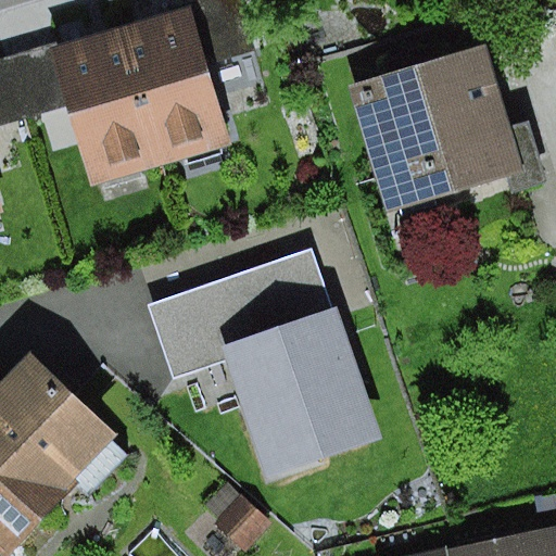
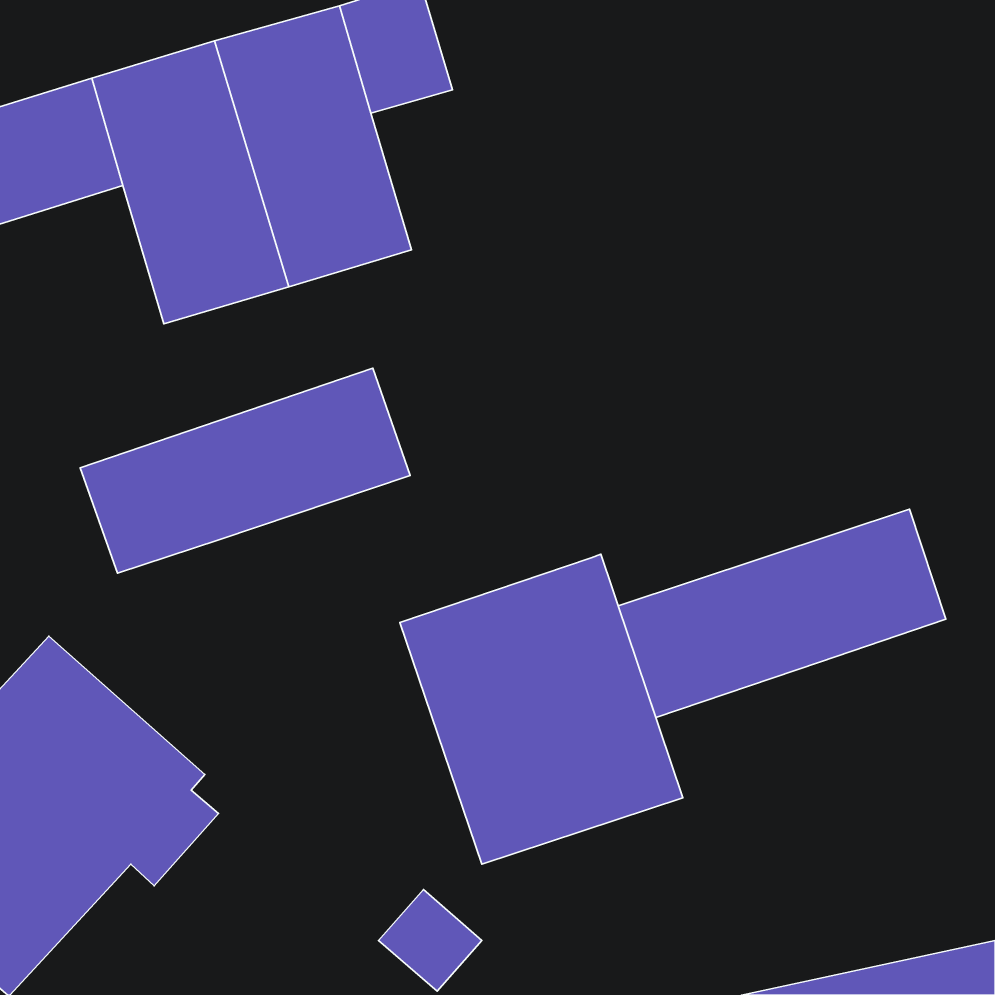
building: [348,45,543,213] -> none
building: [146,251,329,365] -> [80,368,410,573]
building: none -> [618,509,946,717]

